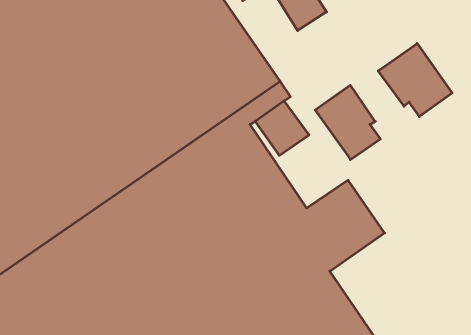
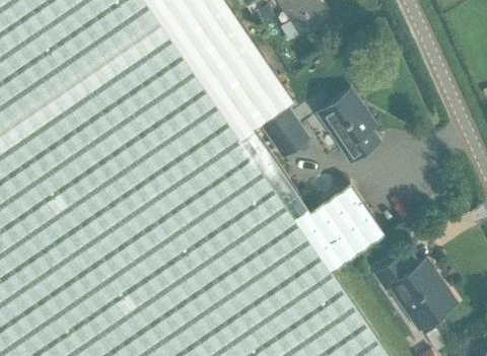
building: [378,43,452,117] -> none
building: none -> [373,258,457,330]

